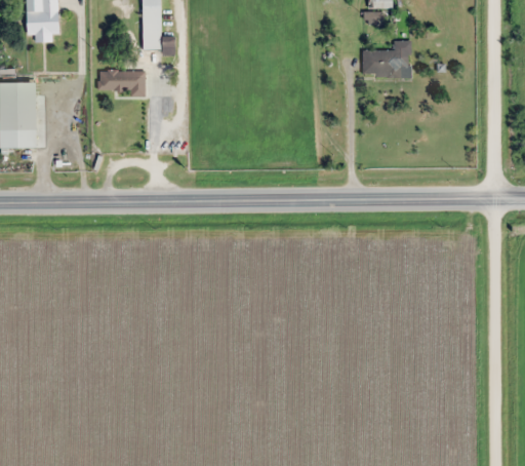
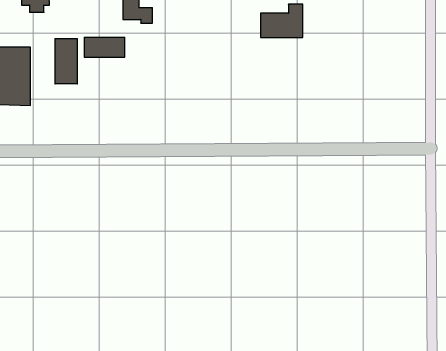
building: [362,39,410,77] -> [261,4,303,37]
building: none -> [55,39,77,84]

